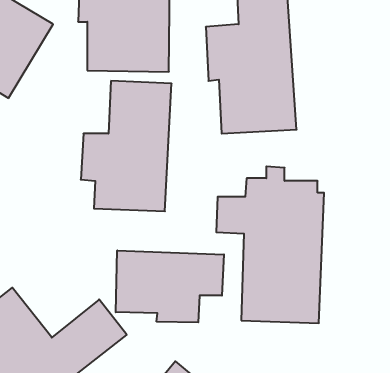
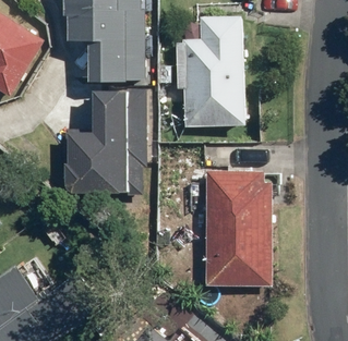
building: [116,250,224,322] -> none

